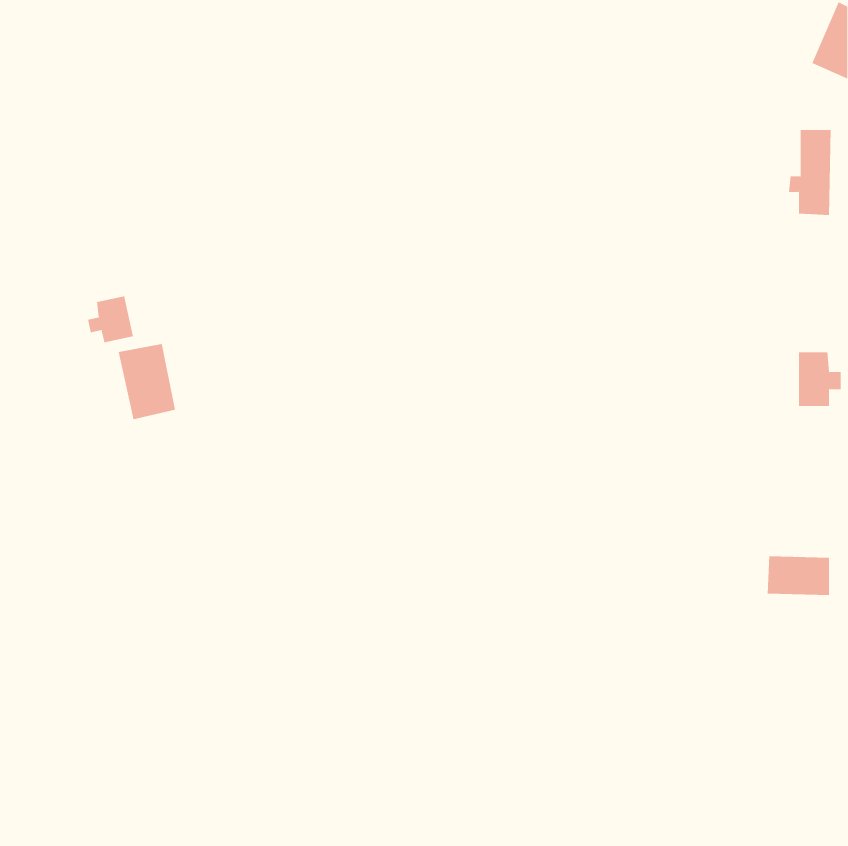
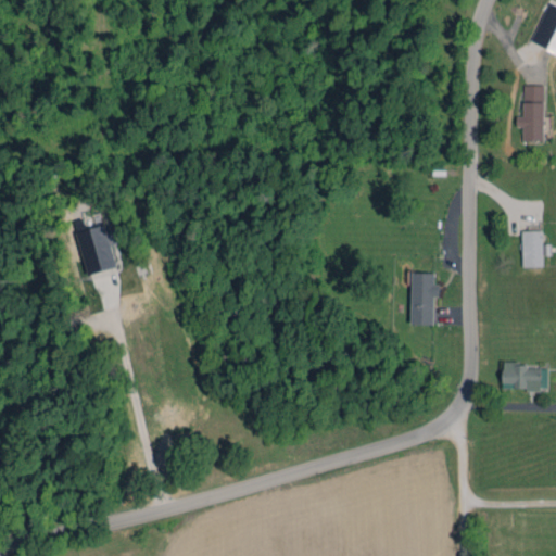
building: [87,295,133,343] -> none
building: none -> [410,273,439,325]

